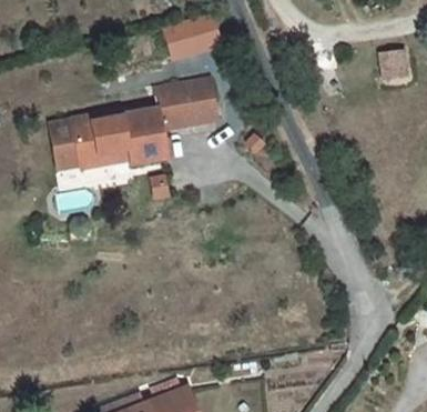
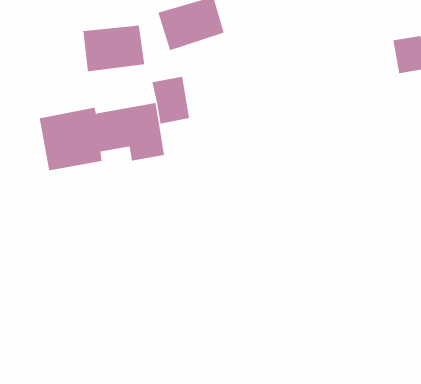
building: none -> [83,25,145,72]
building: [185,79,221,123] -> none

